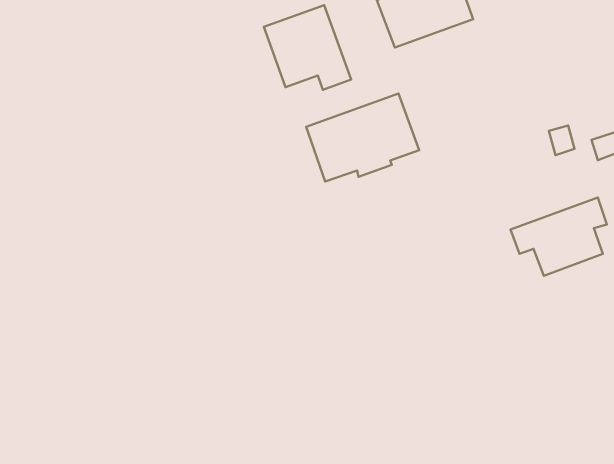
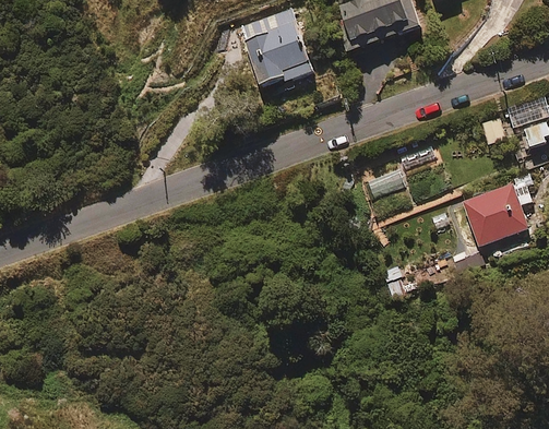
building: [306,94,419,181] -> none

